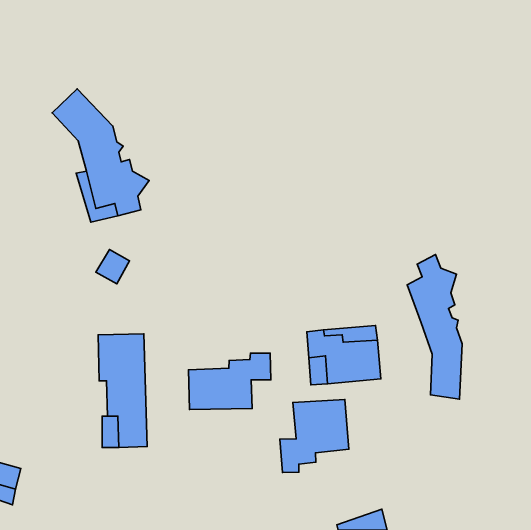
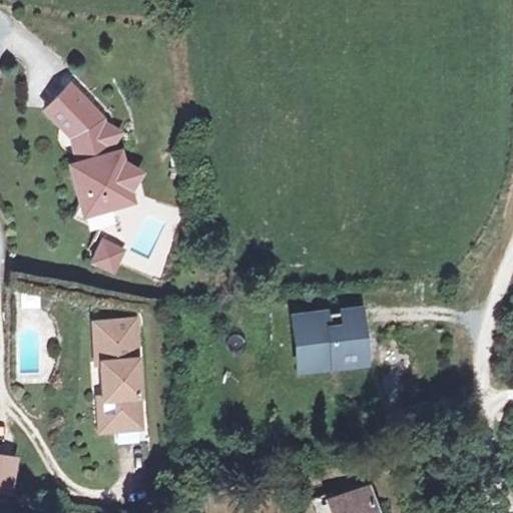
building: [407,255,462,399] -> none
building: [188,353,271,409] -> none
building: [280,400,349,473] -> none

